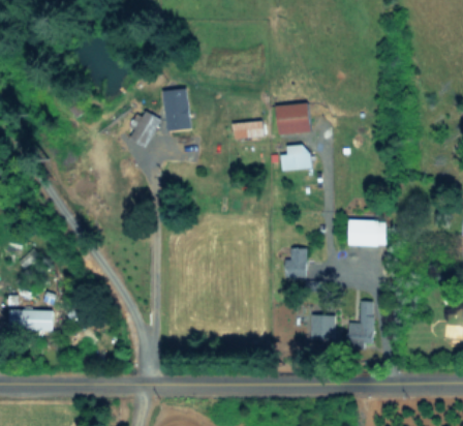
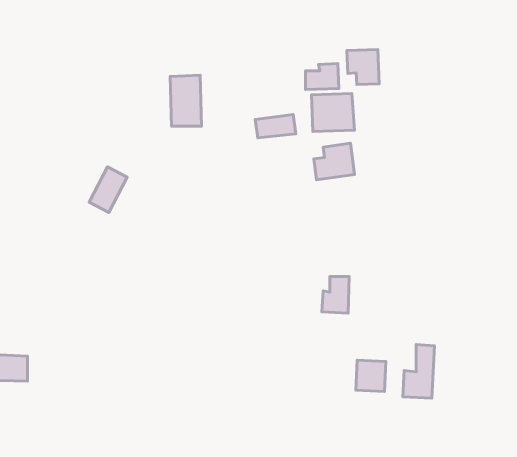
building: none -> [347,50,379,84]
building: none -> [306,63,339,90]
building: [131,111,161,147] -> [89,167,127,213]
building: [347,219,385,246] -> none

